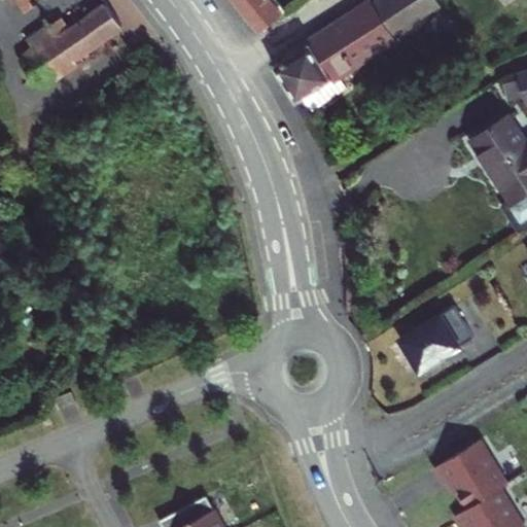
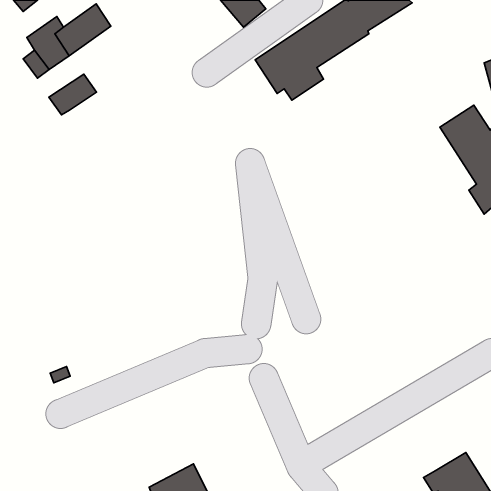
building: none -> [49,74,97,115]
building: [400,304,472,367] -> none
building: [433,436,505,504] -> none

